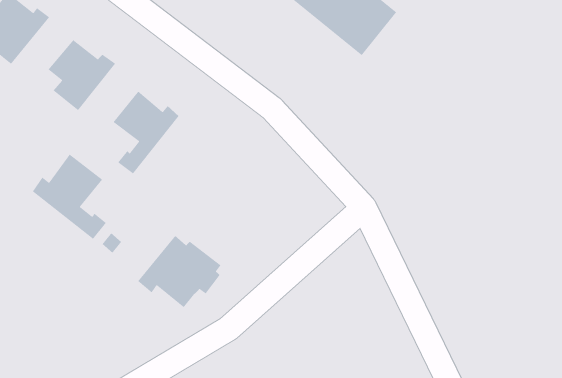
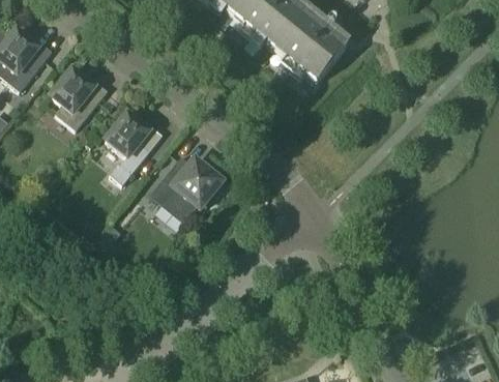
building: [32,153,107,240] -> none
building: [137,235,222,308] -> [150,153,222,215]

